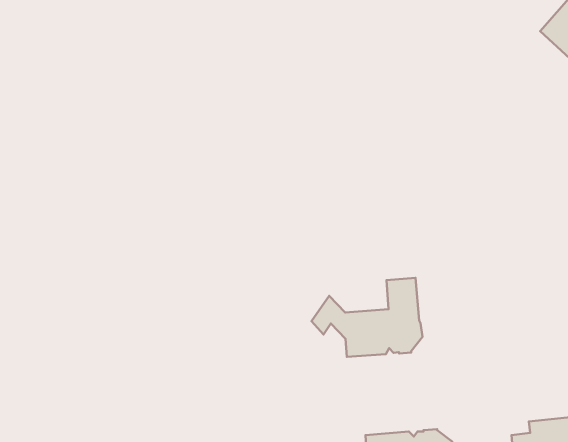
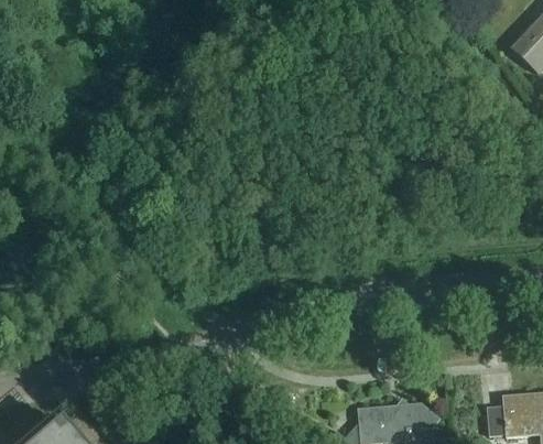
building: [312,278,423,357] -> none

